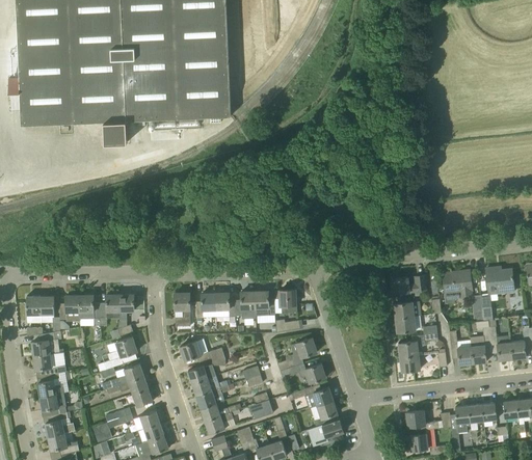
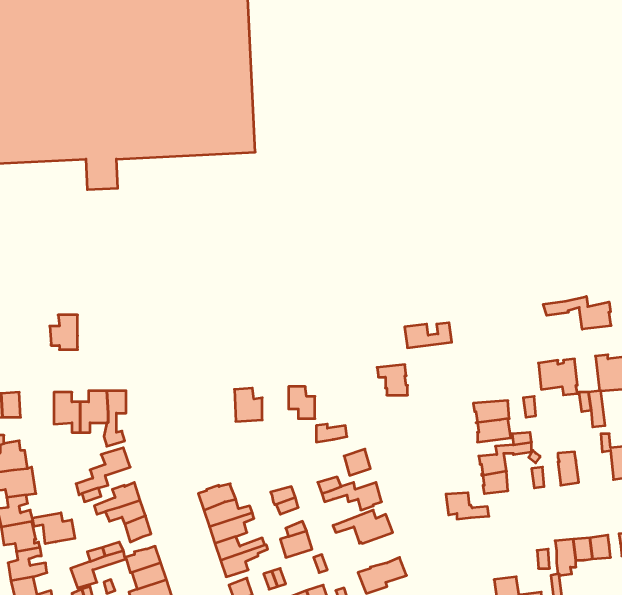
building: none -> [543,296,611,329]
building: [391,275,426,294] -> [405,323,452,348]
building: [274,289,297,312] -> [377,365,408,395]
building: [236,291,256,319] -> none
building: [175,292,190,326] -> none
building: [196,293,216,318] -> none
building: [59,295,80,321] -> [50,315,78,350]
building: [470,326,490,362] -> none
building: [180,341,225,361] -> none
building: none -> [32,513,75,544]
building: [311,400,338,426] -> none
building: [406,410,438,430] -> [446,493,489,519]

